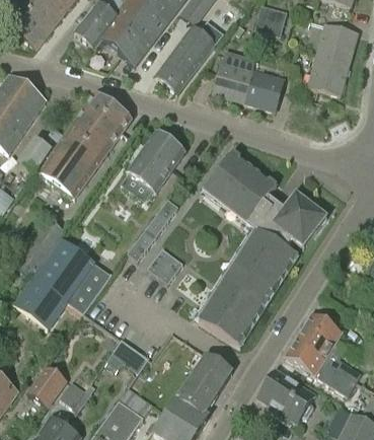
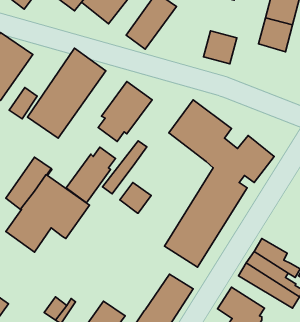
building: [214,51,256,101] -> none
building: none -> [66,147,115,203]
building: [108,339,150,373] -> none
building: [29,367,65,404] -> none

